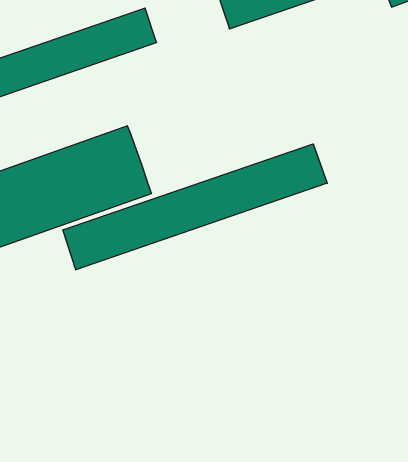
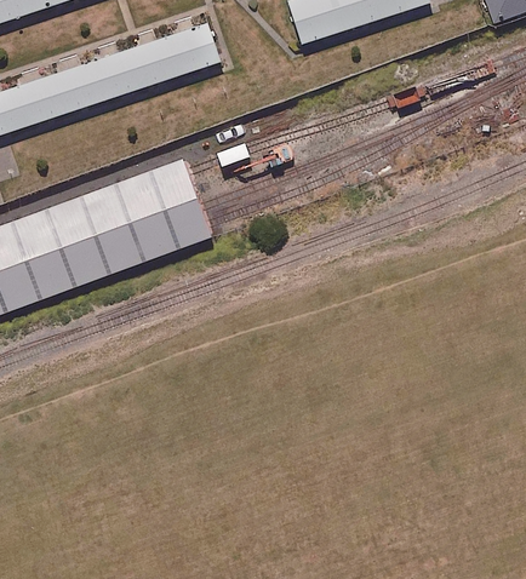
building: [63,144,327,270] -> none

